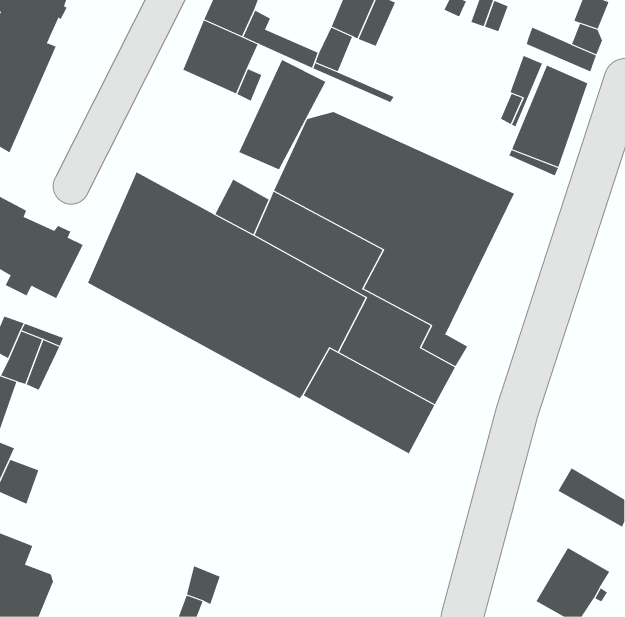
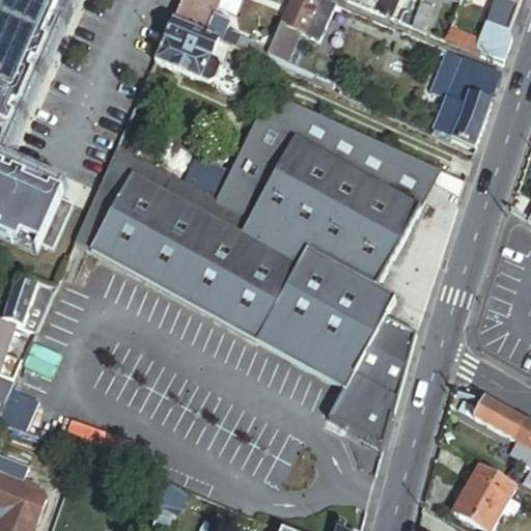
building: [239,59,326,170] -> none
building: none -> [330,311,417,445]

